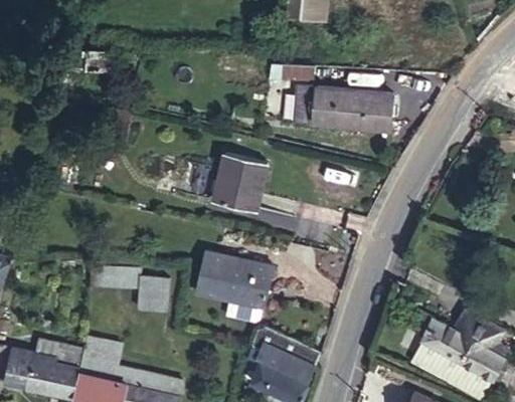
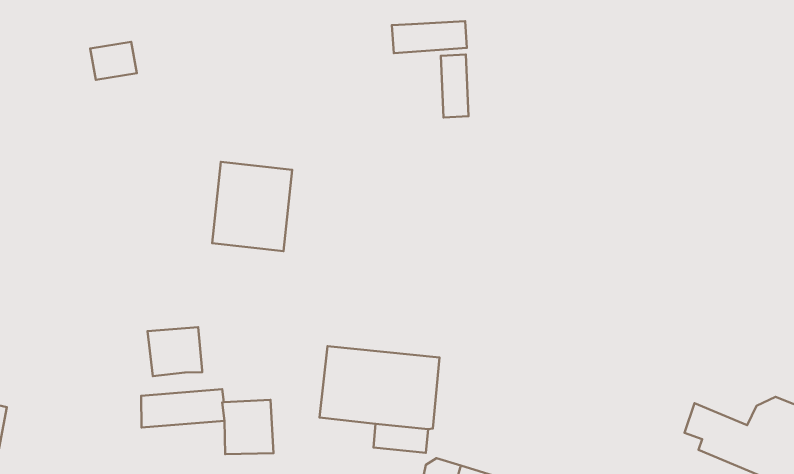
building: [313,87,392,131] -> none
building: [212,154,266,212] -> [212,162,292,251]
building: none -> [148,327,202,376]

